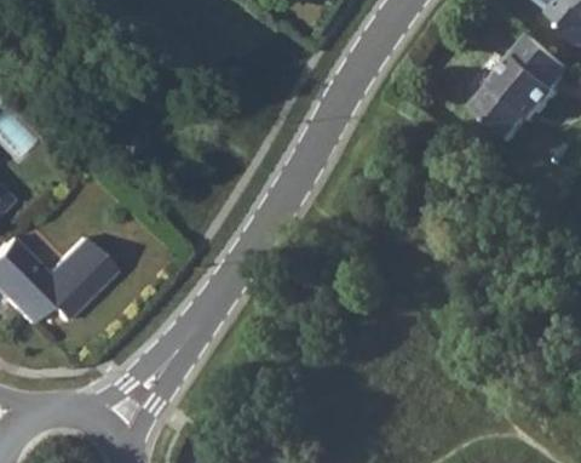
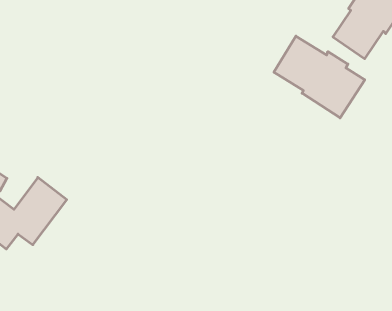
building: none -> [274,36,365,118]

